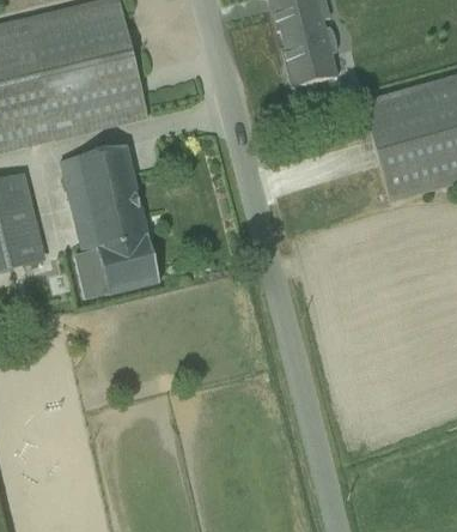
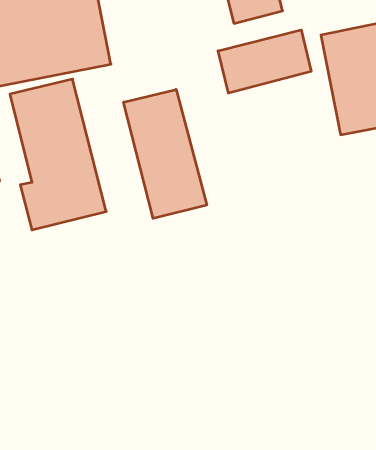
building: none -> [218,30,311,93]
building: none -> [124,89,207,218]

